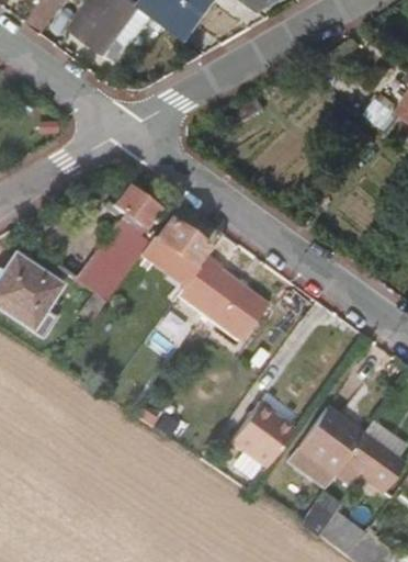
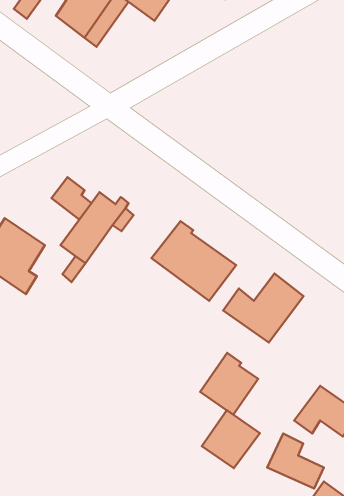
building: [113,183,157,229] -> [52,177,92,219]
building: [154,220,204,267] -> none
building: none -> [223,274,304,342]
building: [297,411,361,474] -> [202,410,260,468]

